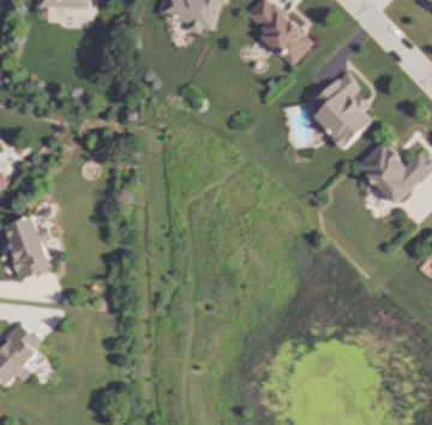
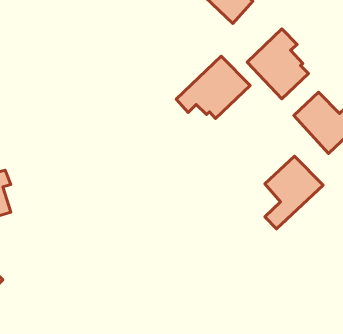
building: none -> [176,56,250,119]
building: none -> [265,156,323,229]

